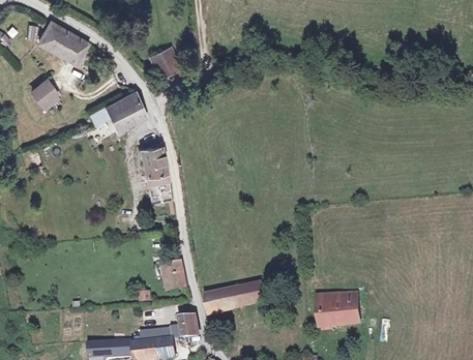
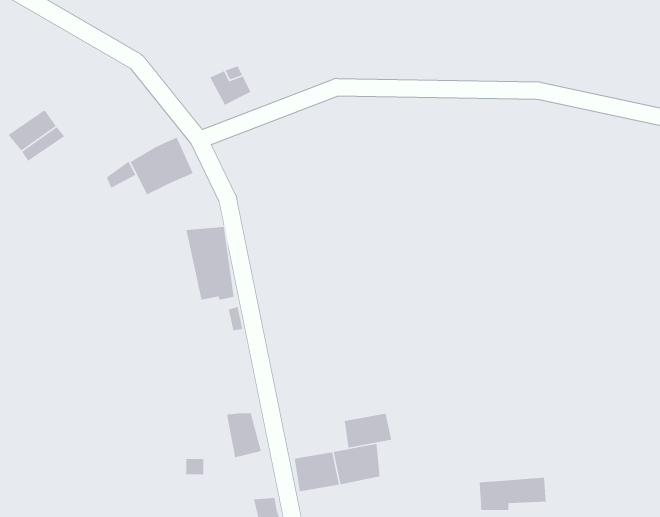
building: [39,24,88,63] -> none
building: none -> [344,413,392,449]
building: [330,286,357,303] -> none

